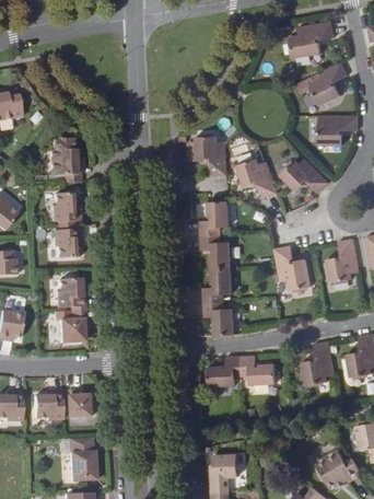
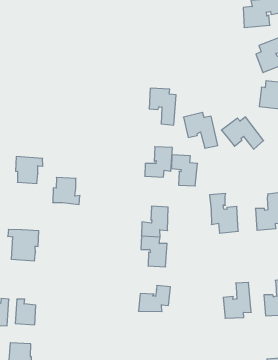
building: [49,147,81,181] -> none
building: [52,192,83,220] -> none
building: [199,234,229,268] -> [171,155,198,186]
building: [57,277,87,306] -> [53,177,80,204]
building: [241,355,274,384] -> none

